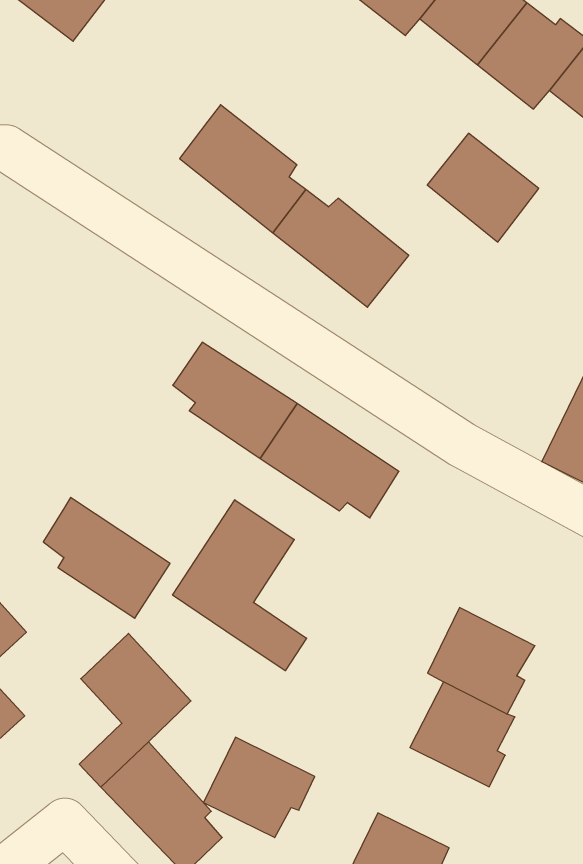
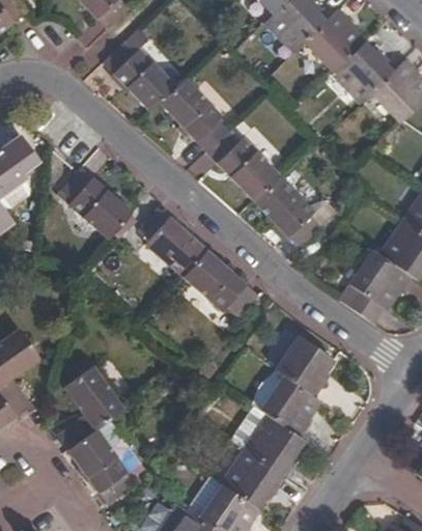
building: none -> [103,40,177,111]
building: [427,133,539,242] -> [253,174,315,237]
building: [43,497,170,618] -> [62,167,132,240]
building: [173,500,307,671] -> none
building: none -> [277,336,335,398]
building: [204,737,315,838] -> [221,450,285,509]

